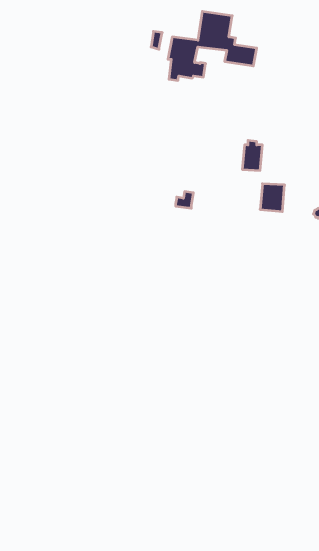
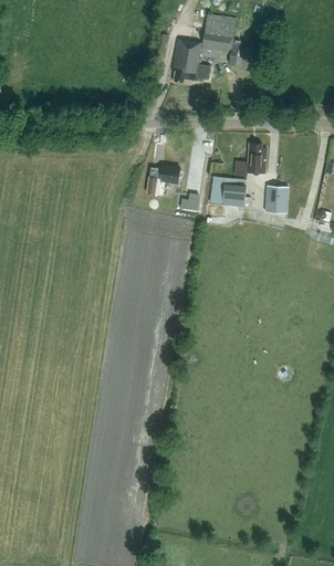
building: none -> [146,165,180,193]
building: none -> [210,176,247,206]

